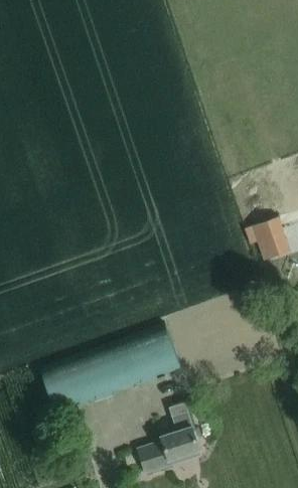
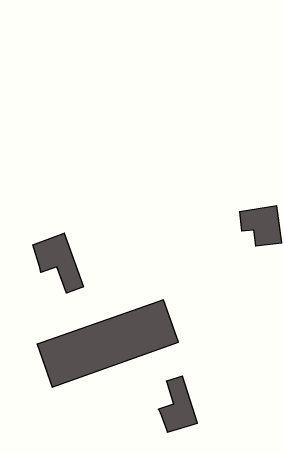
building: none -> [33,233,83,293]
building: [139,441,172,473] -> none

